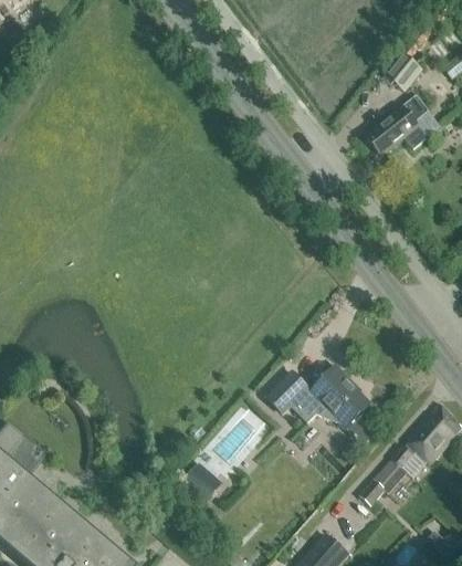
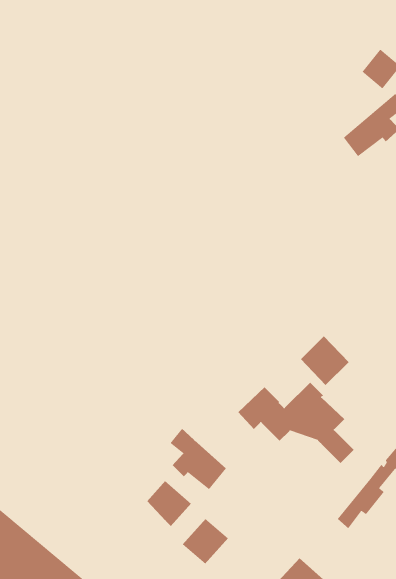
building: none -> [300,336,349,386]
building: none -> [169,428,227,490]
building: none -> [182,518,229,565]

